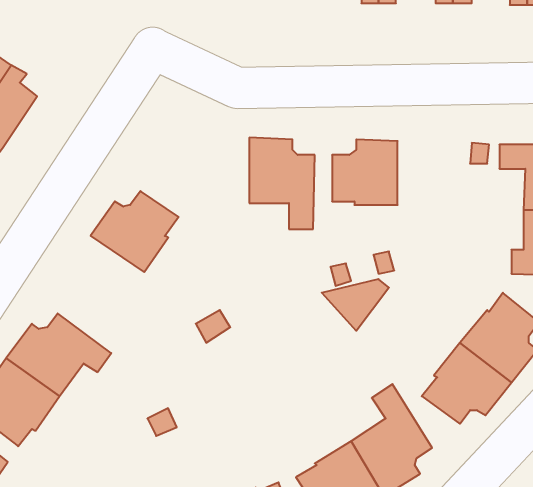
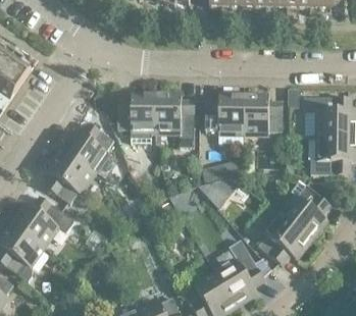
building: none -> [116,93,155,136]
building: none -> [243,95,282,133]
building: none -> [47,151,93,203]

